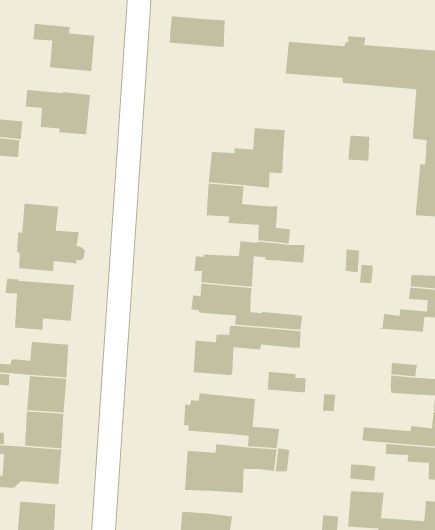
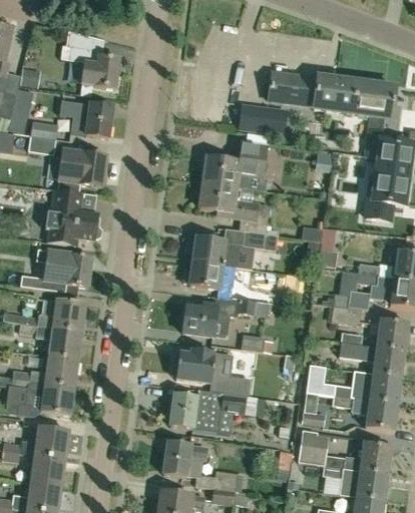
building: [169,15,226,48] -> [239,105,285,133]
building: none -> [57,150,106,192]
building: none -> [327,305,361,325]

